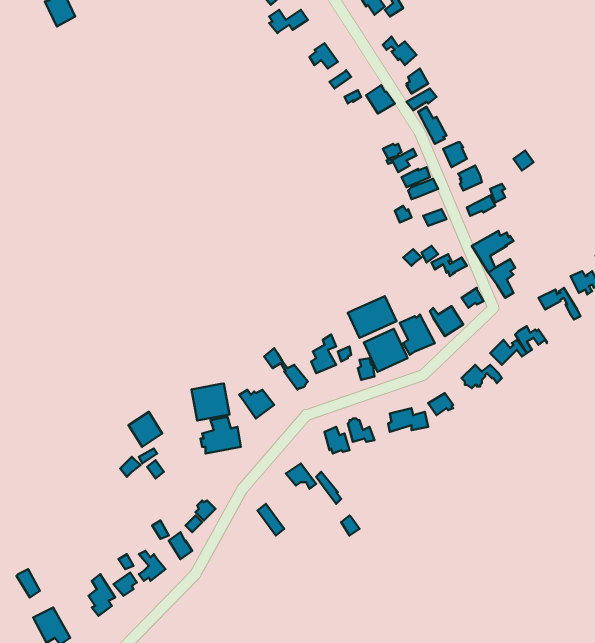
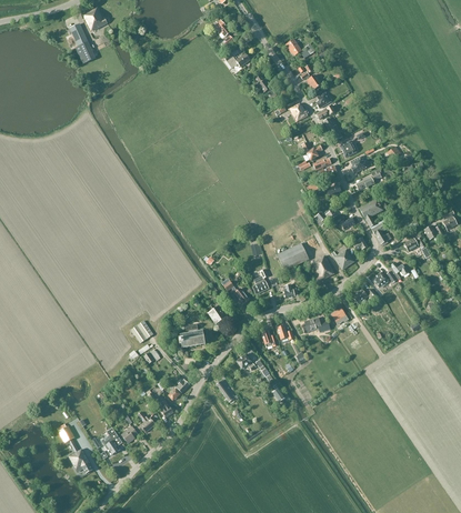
building: [364,329,408,372] -> none
building: [191,383,230,421] -> none

